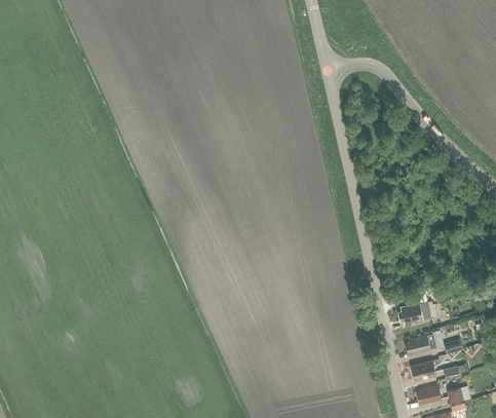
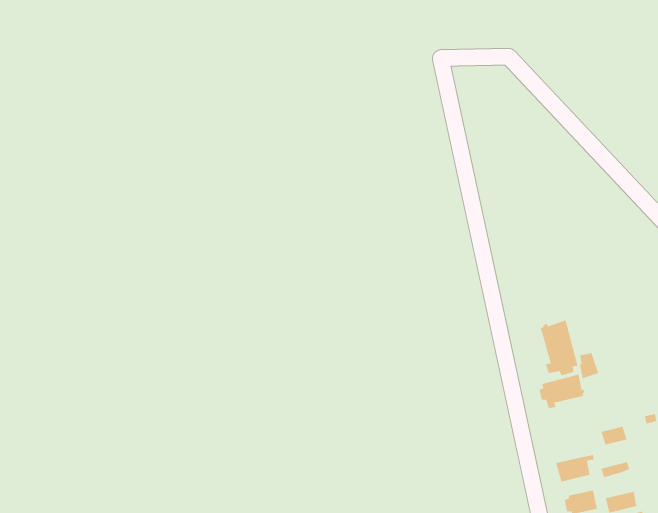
building: none -> [540,319,579,376]
building: [406,334,436,354] -> none

